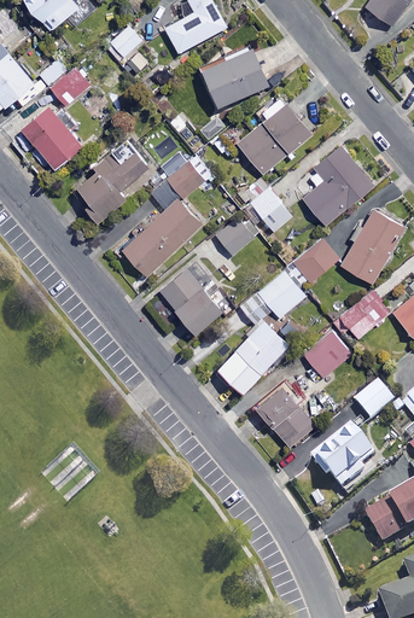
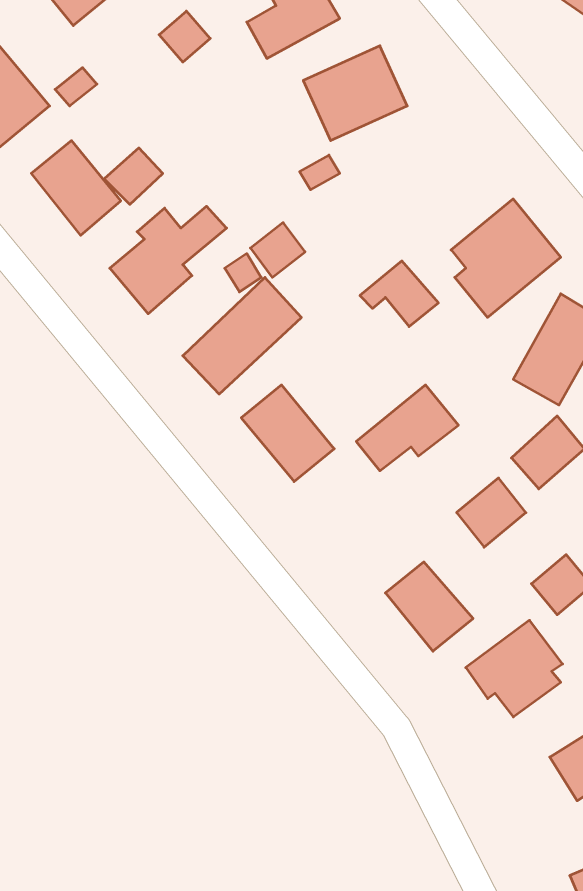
building: [52,65,91,103] -> [104,148,163,204]
building: [238,103,313,173] -> none
building: [216,217,252,253] -> none
building: [299,235,339,279] -> none
building: [218,319,290,391] -> none

